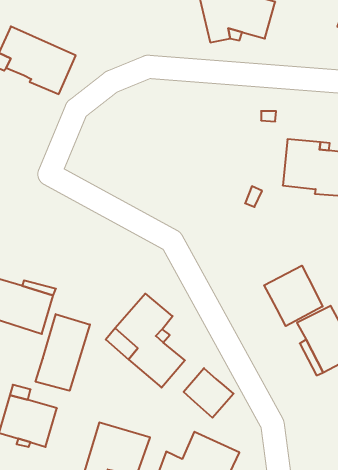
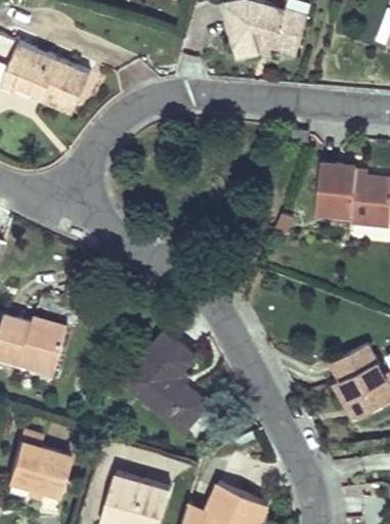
building: [264,266,323,326] -> none
building: [36,314,90,391] -> none
building: [184,368,234,418] -> none

